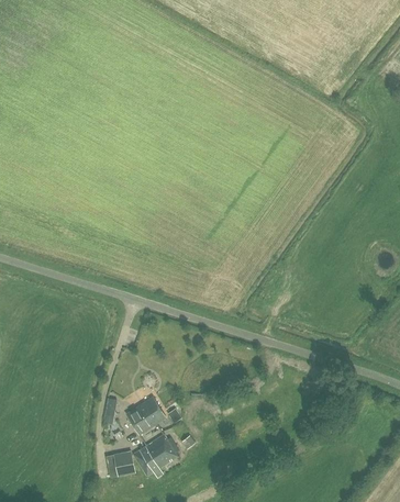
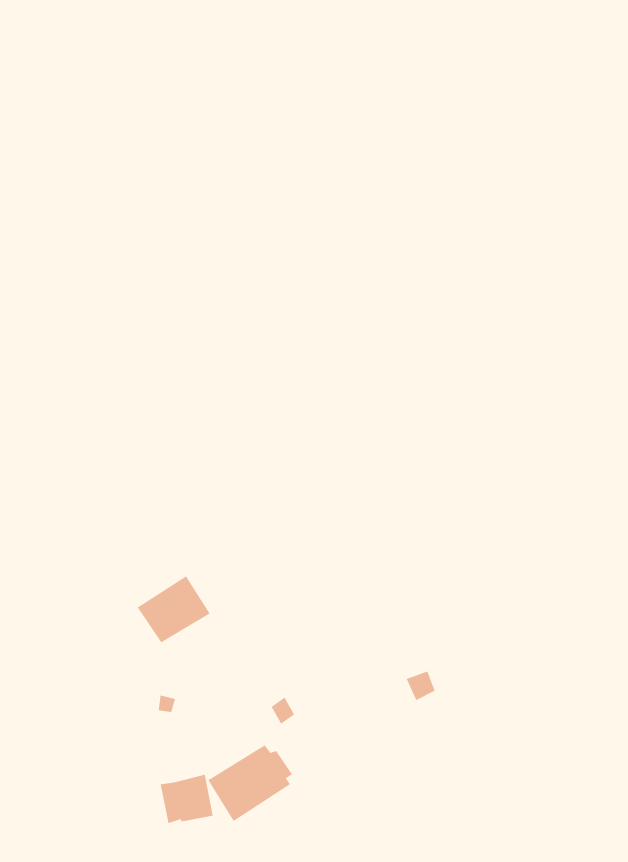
building: [125,397,166,434] -> [137,576,210,643]

